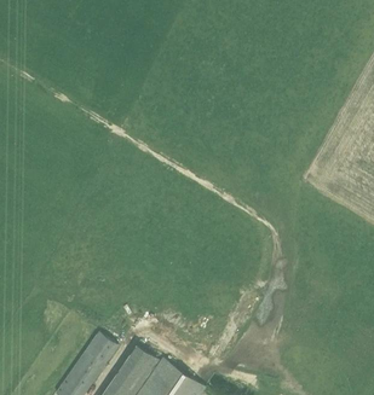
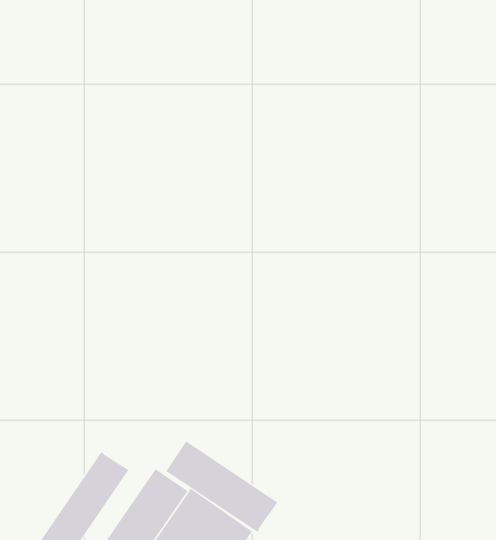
building: none -> [166,441,278,533]

